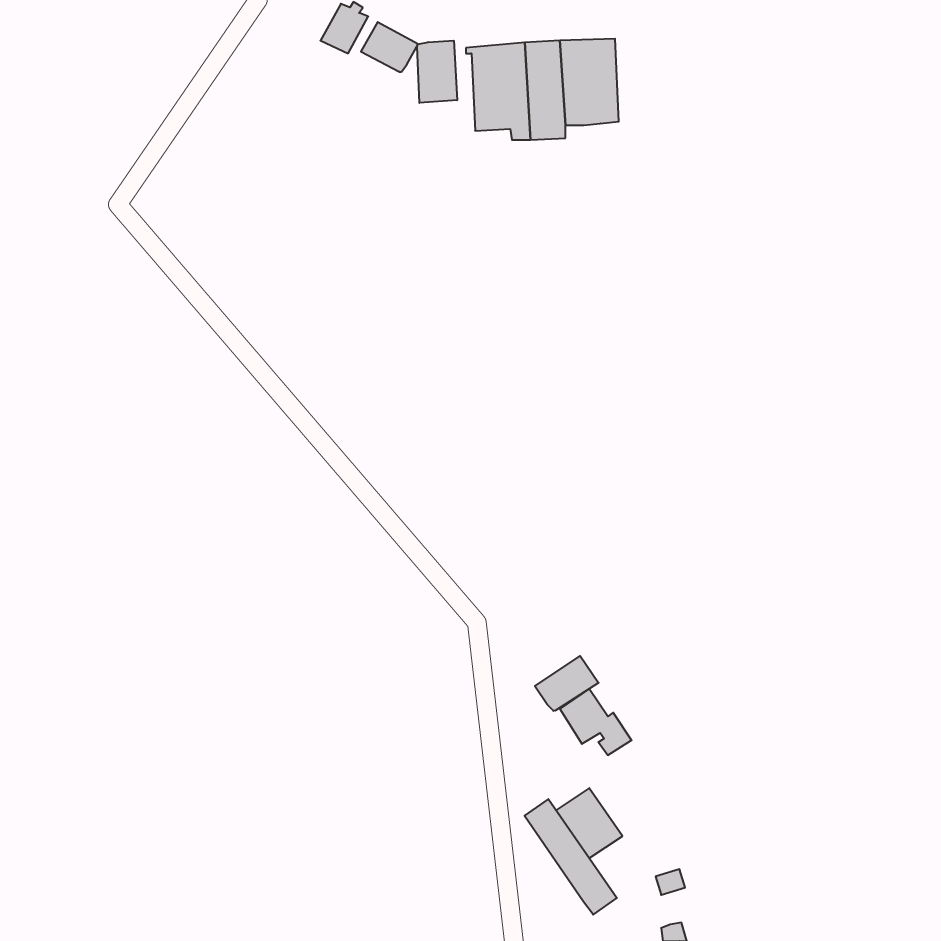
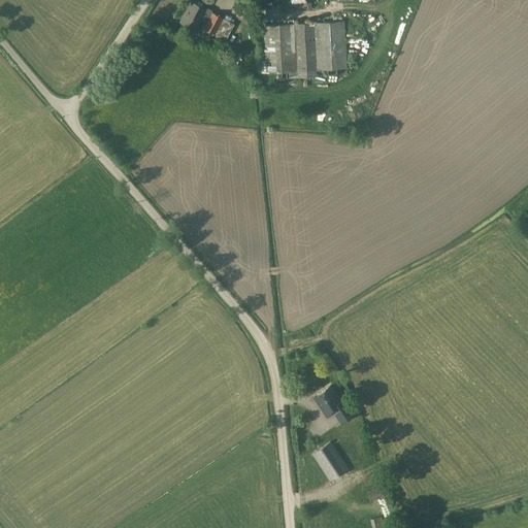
building: [417,41,457,103] -> none
building: [535,656,599,711] -> none
building: [525,799,617,915] -> none

